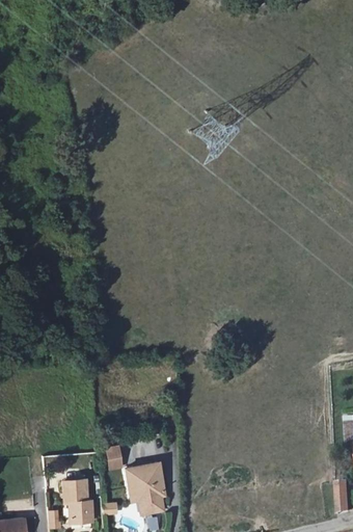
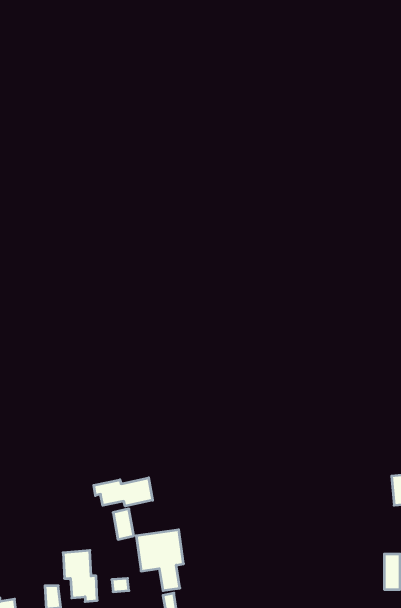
building: none -> [94,478,153,506]

